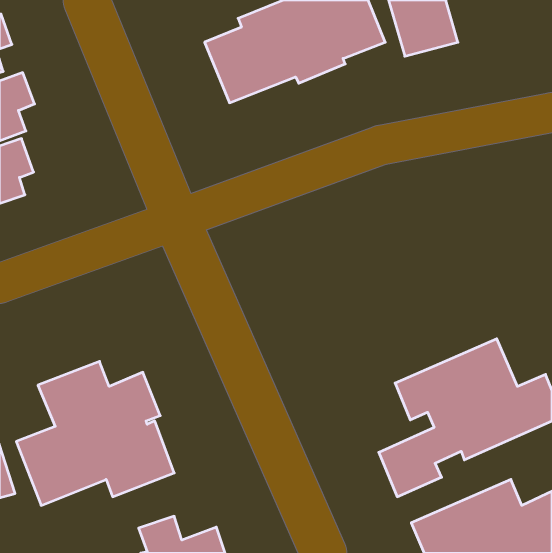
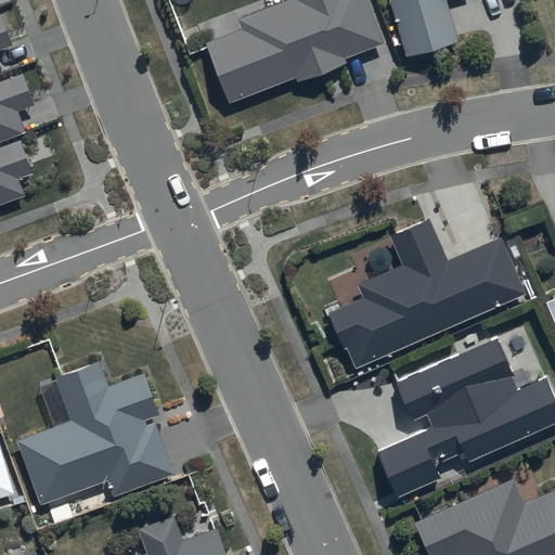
building: none -> [327,217,524,370]

